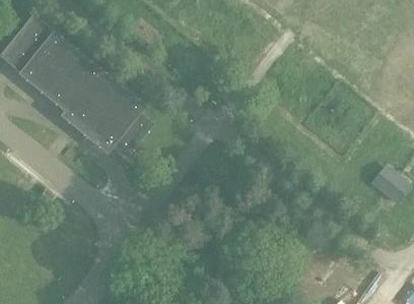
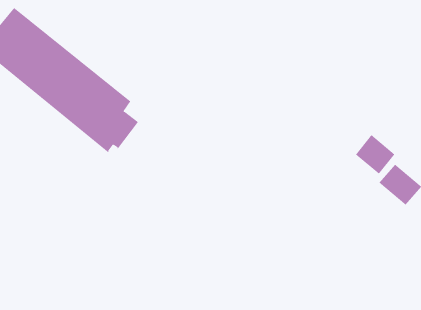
building: none -> [355,134,395,175]

